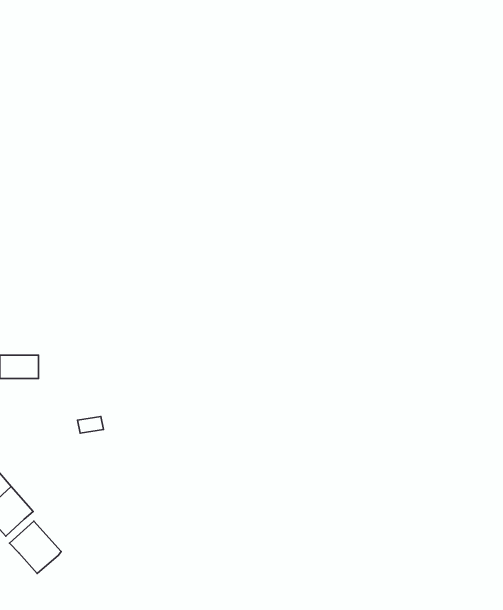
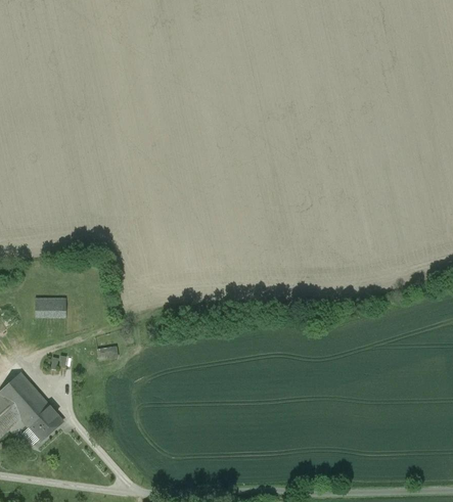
building: [10,521,61,574] -> none

